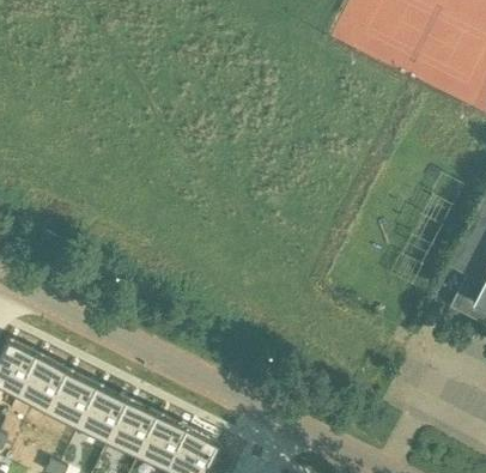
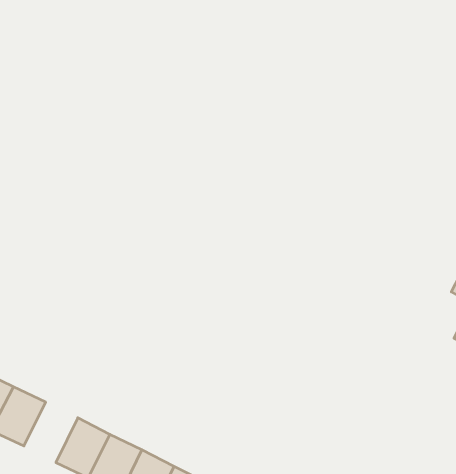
building: [67,378,117,435] -> none

